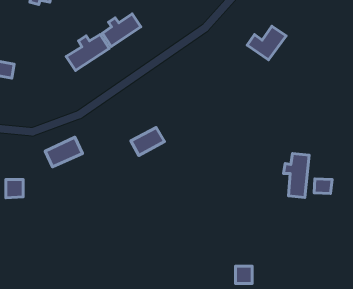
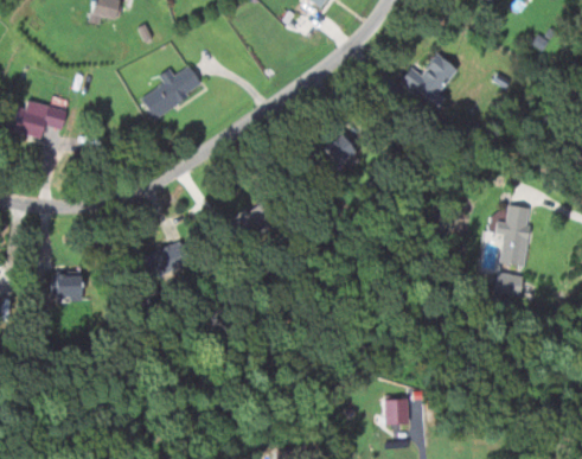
building: [103,14,141,46] -> none
building: none -> [325,133,357,165]
building: [45,137,82,167] -> [137,238,191,281]
building: [283,154,309,197] -> [494,204,531,267]

